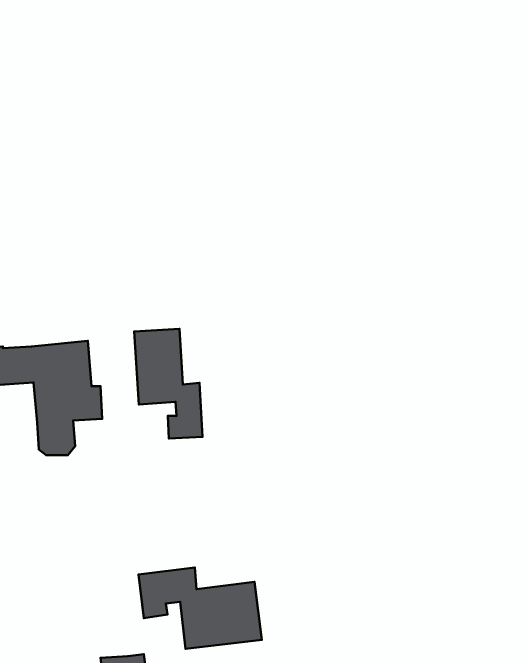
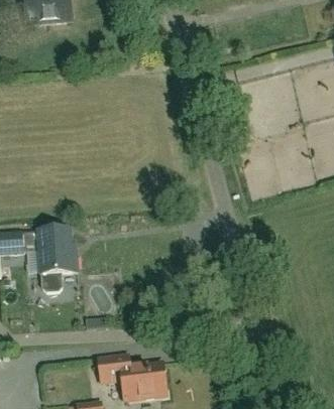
building: [134,329,203,439] -> none

